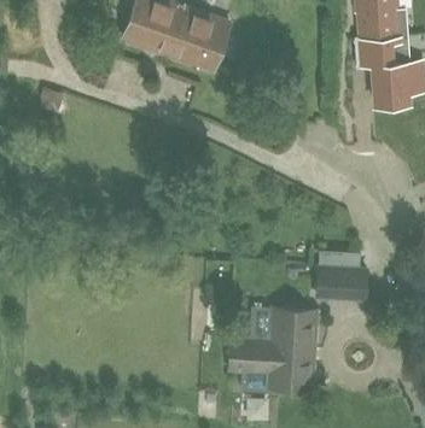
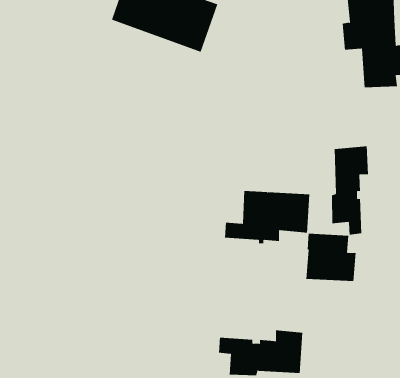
building: none -> [332,145,369,235]
building: [231,307,316,360] -> [224,191,310,244]

